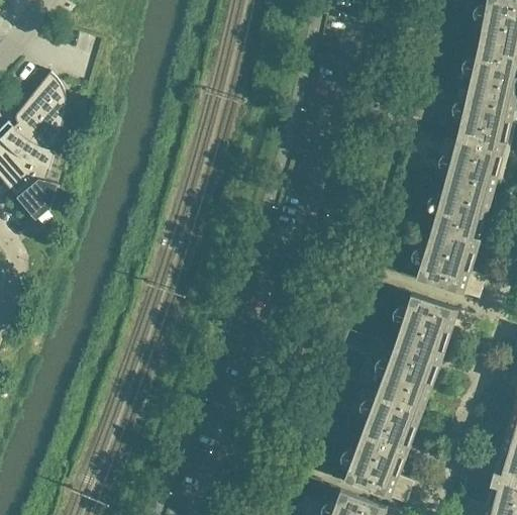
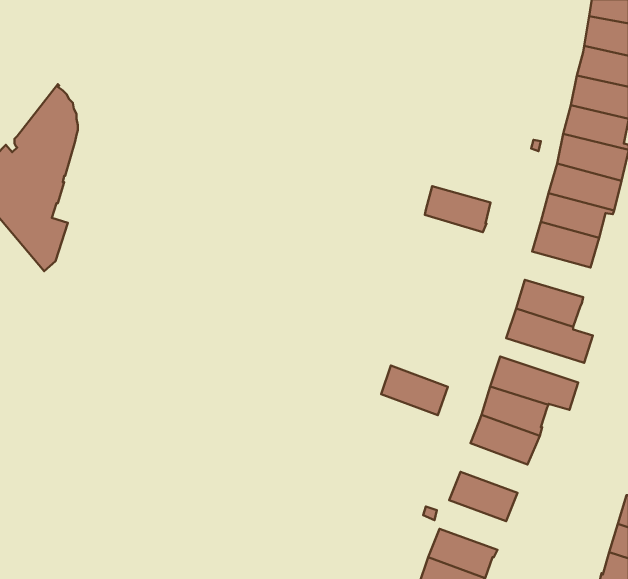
building: [429,207,483,244] -> [425,186,490,232]
building: [377,364,431,404] -> [381,366,448,415]
building: [359,410,414,450] -> none

